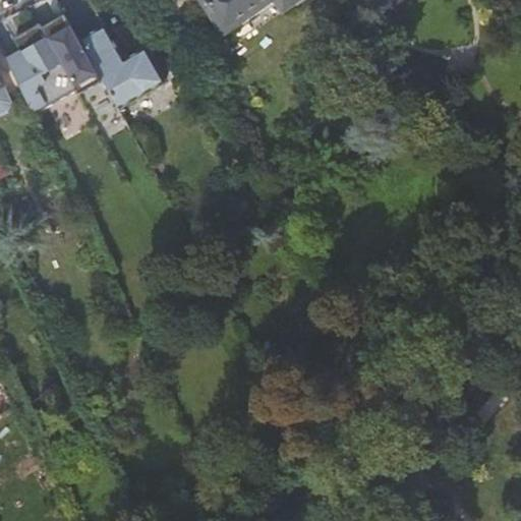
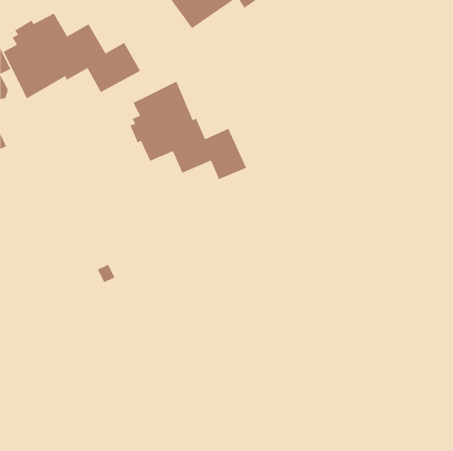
building: none -> [130,81,247,180]

